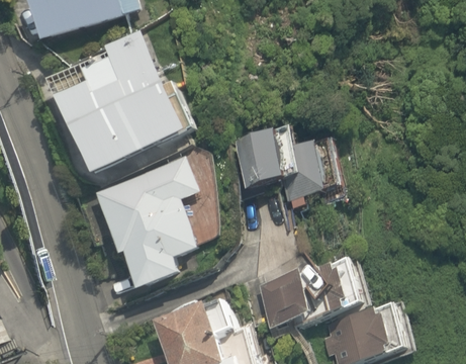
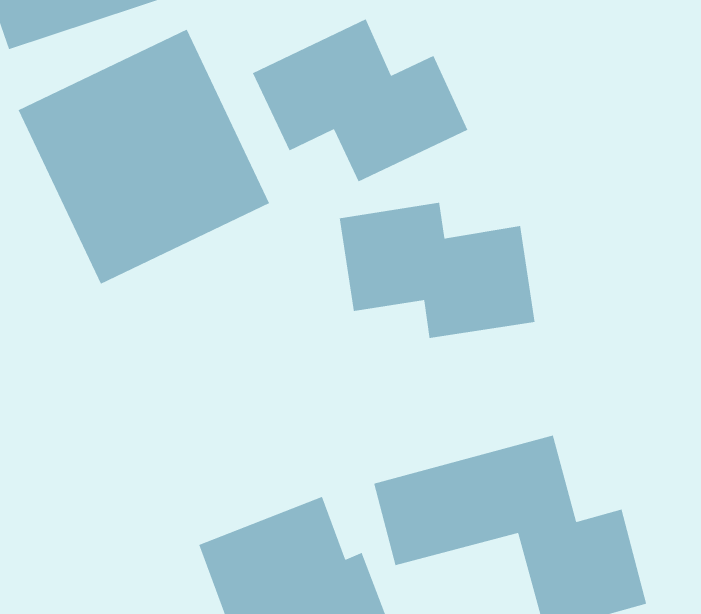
building: none -> [252,18,469,182]
building: [89,152,206,293] -> none

